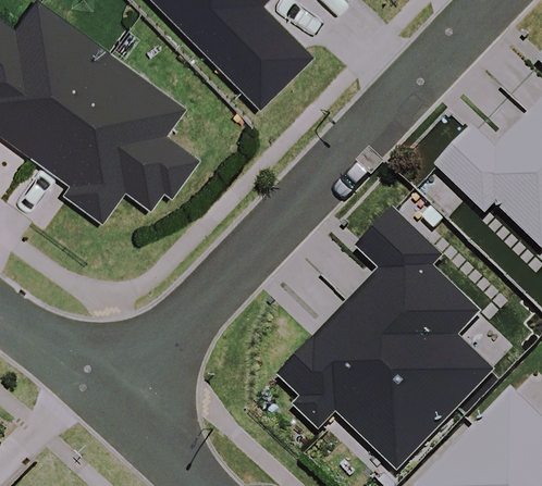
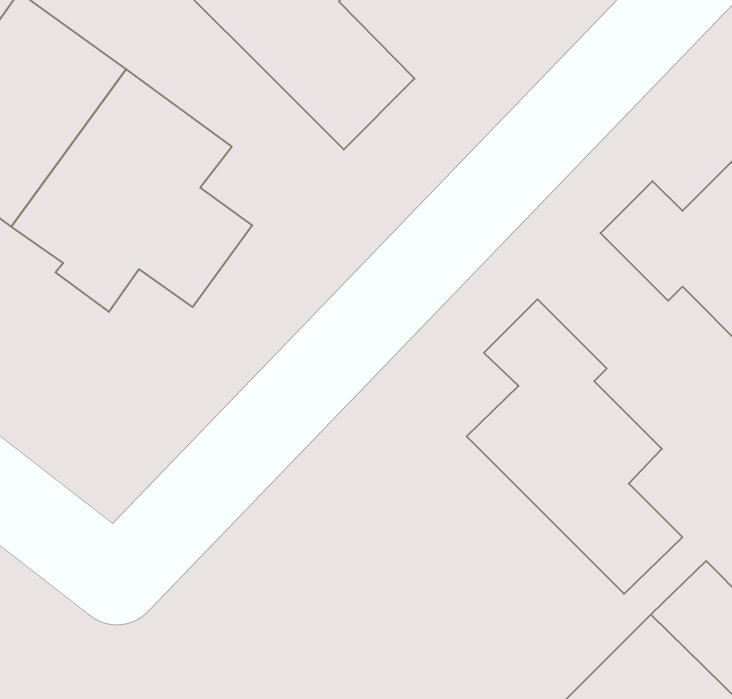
building: [279,308,453,469] -> none

